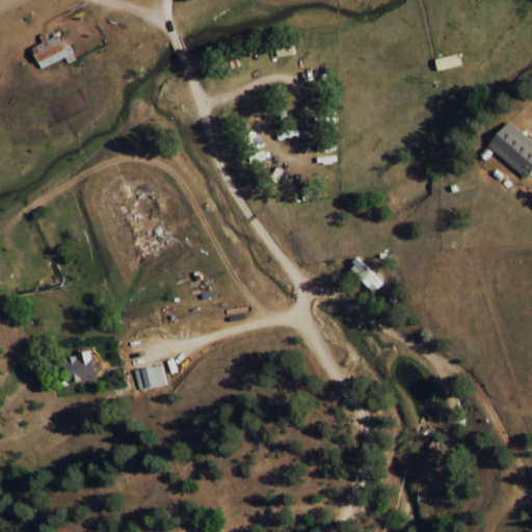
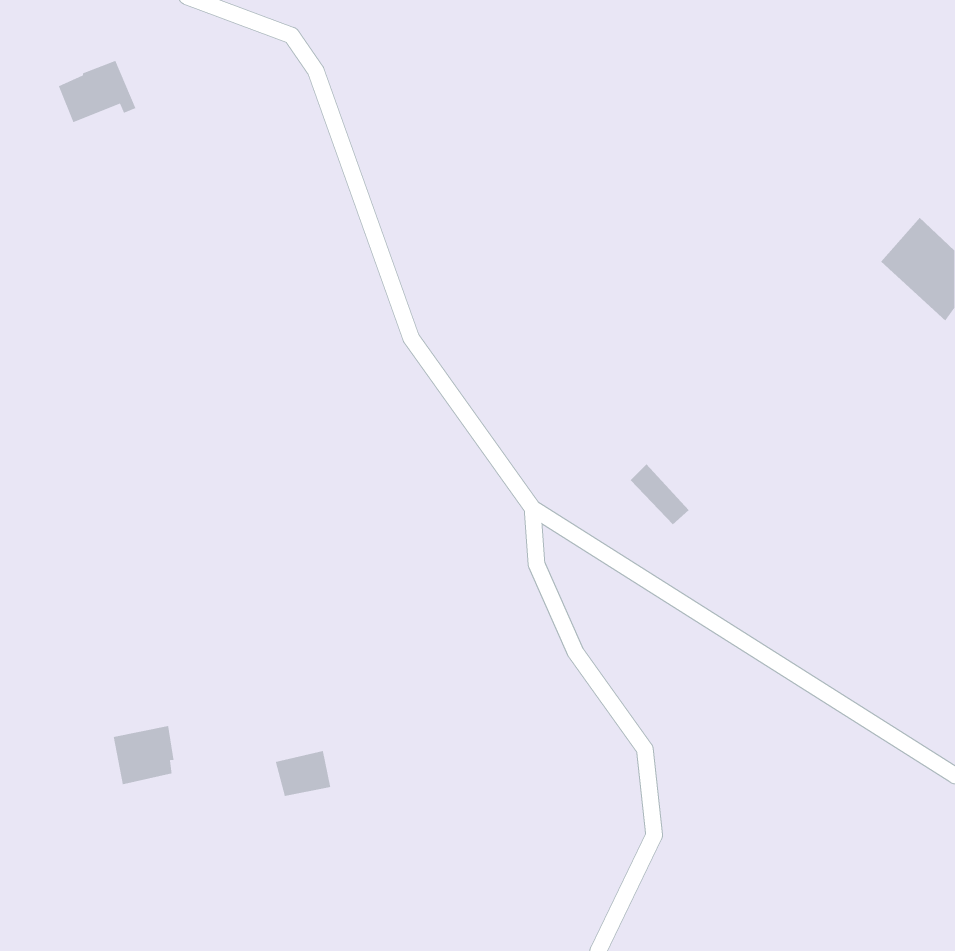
building: [64,350,99,383] -> [113,725,174,785]
building: [134,364,165,390] -> [275,750,331,797]

